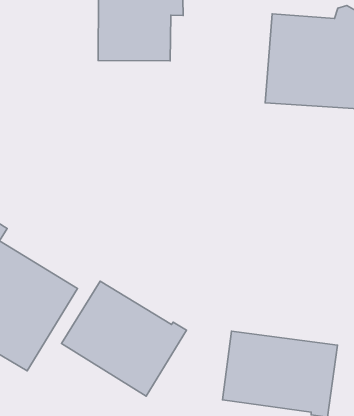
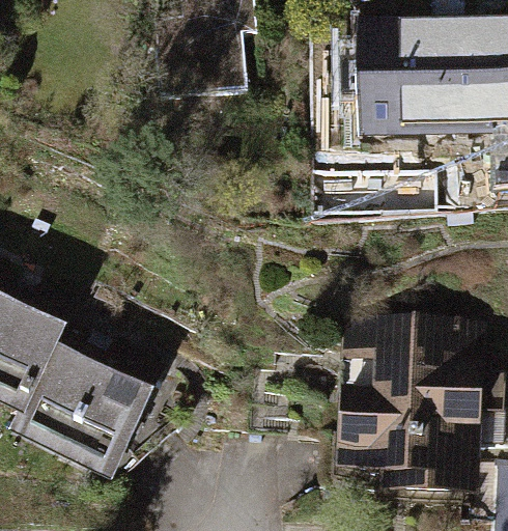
building: none -> [342,316,472,409]
building: [61,281,186,396] -> none

